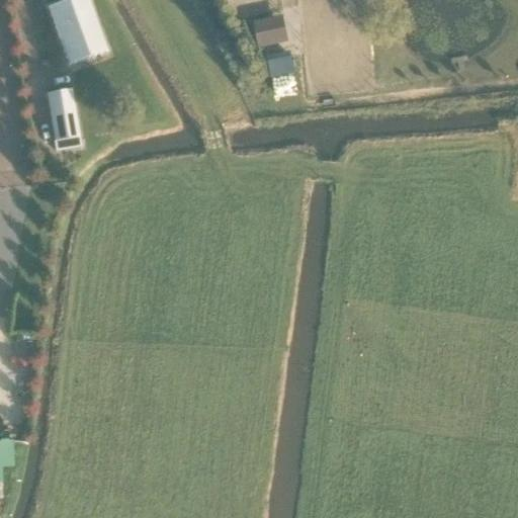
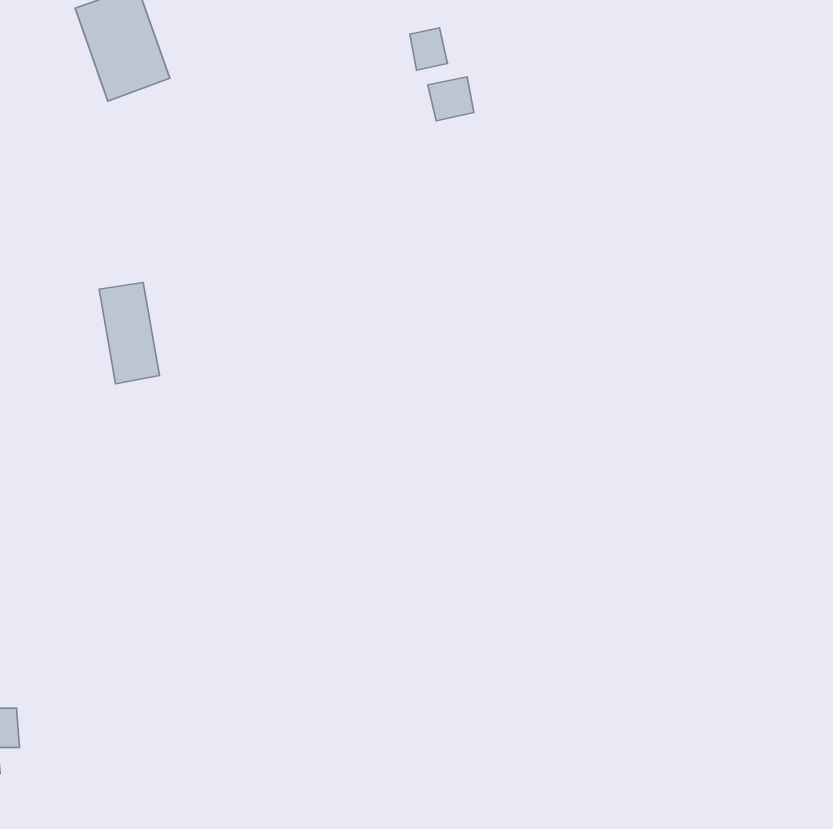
building: [44,87,81,150] -> [99,283,160,384]

